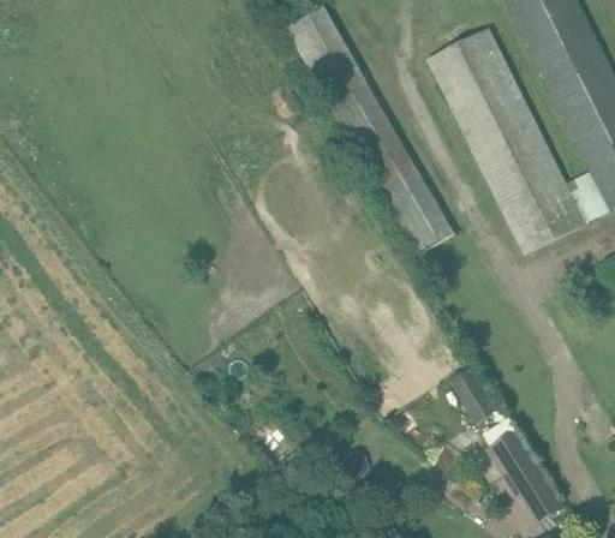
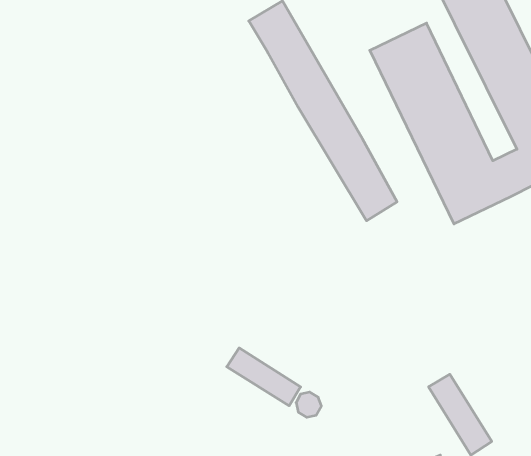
building: [450,365,501,422] -> none
building: none -> [227,348,301,406]

